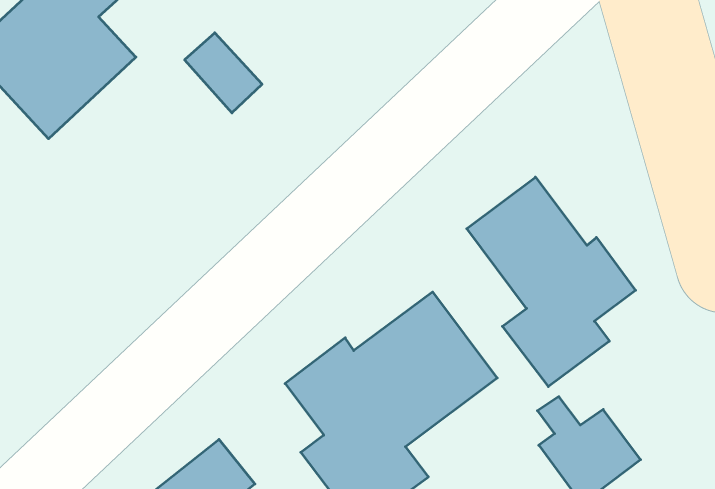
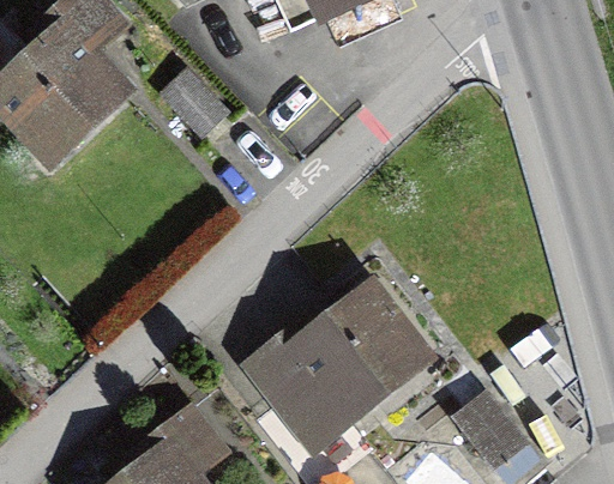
building: [467,177,636,387] -> none

